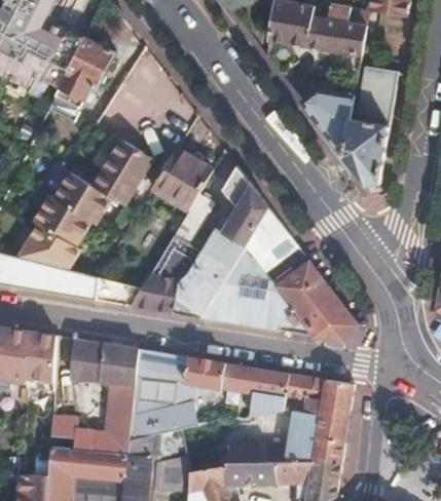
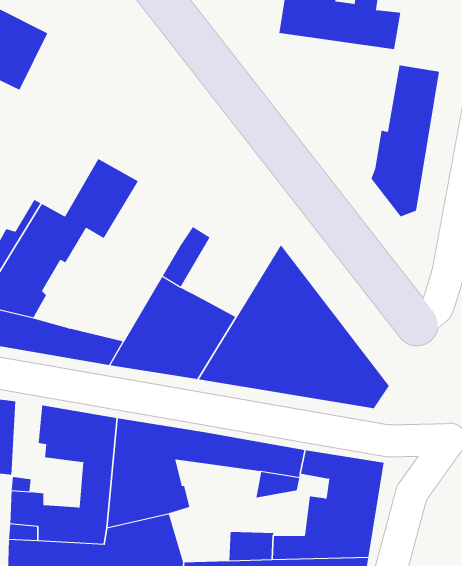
building: [50,39,113,116] -> none
building: [298,87,352,156] -> none
building: [151,147,212,209] -> none
building: [204,166,268,267] -> none

